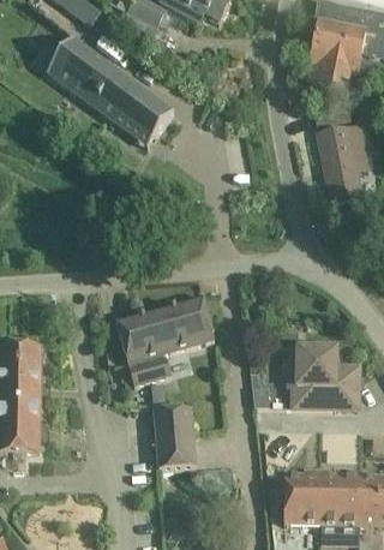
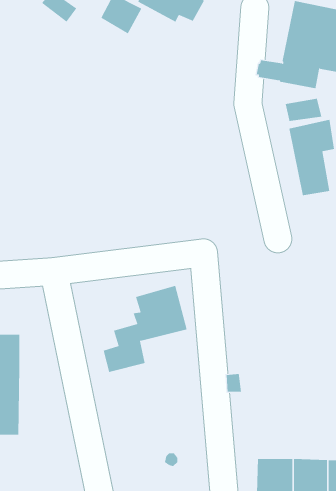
building: [47,37,173,137] -> none
building: [115,307,163,363] -> none
building: [292,347,359,408] -> none
building: [154,406,196,468] -> none

